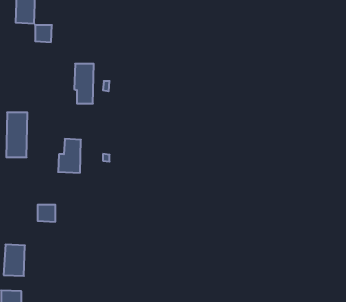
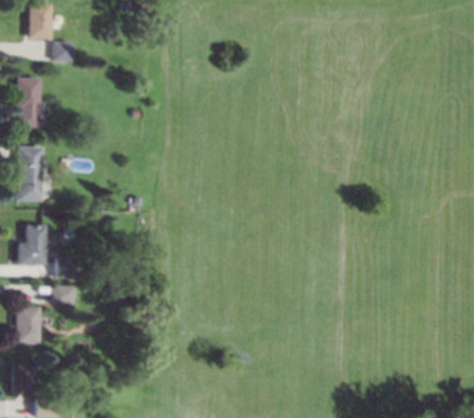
building: [74,64,94,104] -> [17,78,41,126]
building: [58,139,81,173] -> [18,224,46,265]
building: none -> [53,284,75,304]

